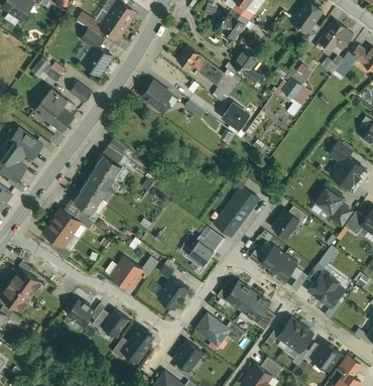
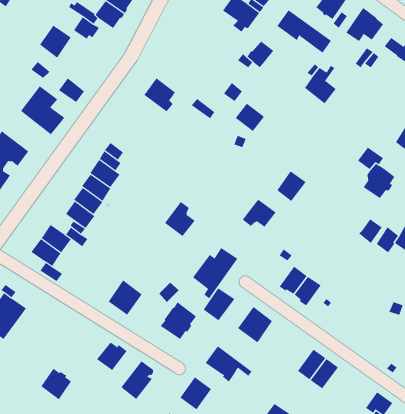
building: [83,45,111,75] -> [39,25,71,58]
building: [176,46,225,85] -> [276,10,332,53]
building: [314,186,344,216] -> none
building: [214,206,241,237] -> [164,201,195,237]
building: [272,211,298,238] -> [276,171,306,202]
building: [308,268,344,308] -> none
building: [242,294,270,324] -> [203,288,235,321]
building: [67,299,94,328] -> [41,368,72,400]
building: [312,343,340,371] -> none

